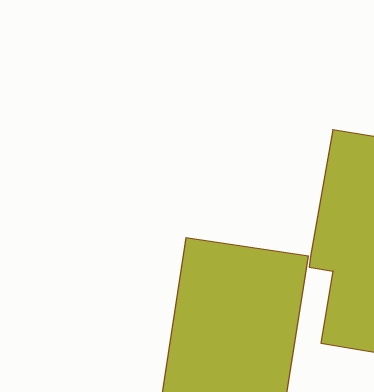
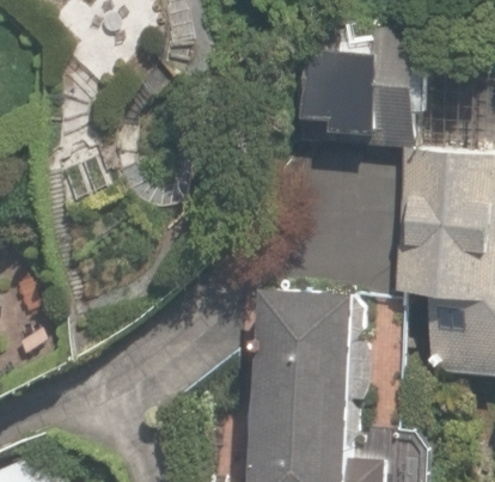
building: none -> [304,36,422,148]

